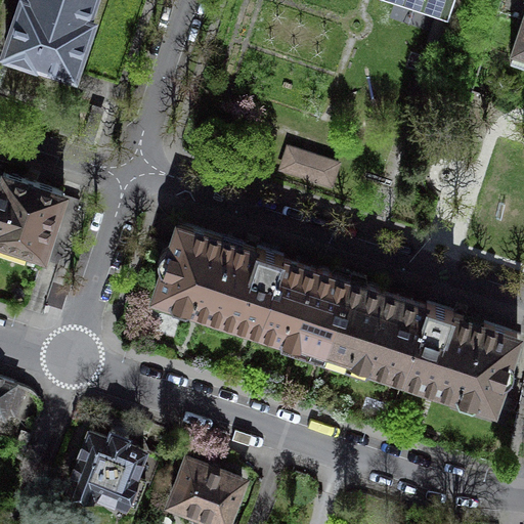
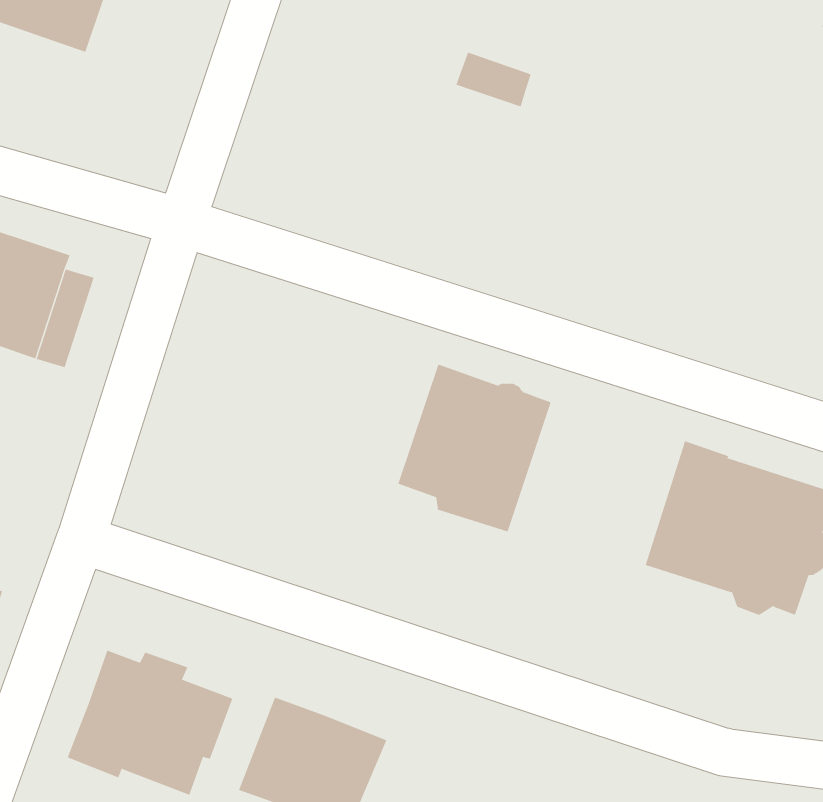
building: [282,152,328,185] -> [455,52,532,107]
building: [130,226,282,332] -> none
building: [323,283,428,380] -> none

